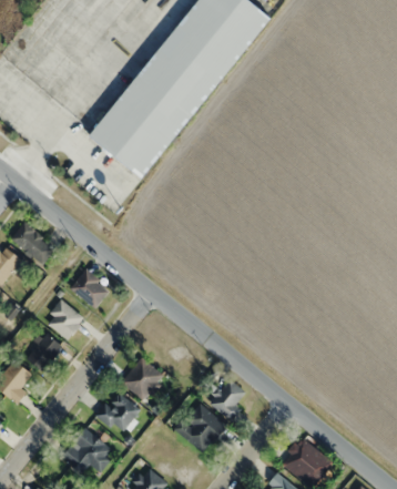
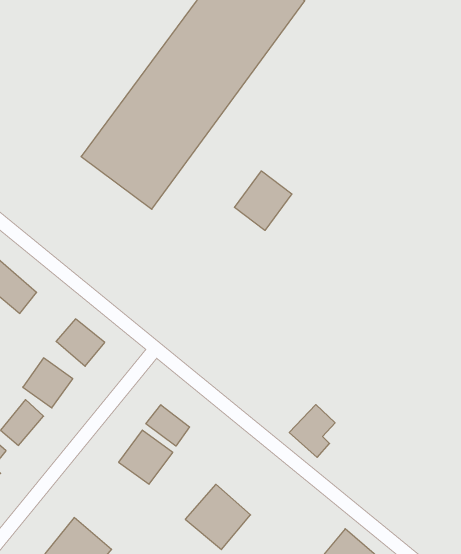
building: none -> [234,171,292,230]
building: none -> [146,405,190,446]
building: [208,379,245,421] -> [289,405,335,457]
building: [95,390,140,436] -> none

